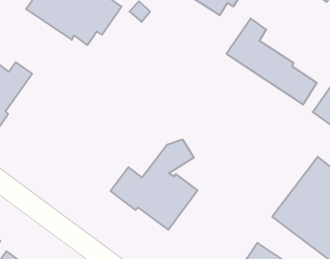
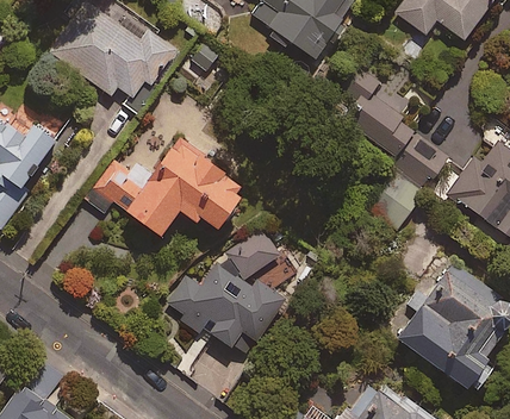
building: none -> [86,140,241,240]

